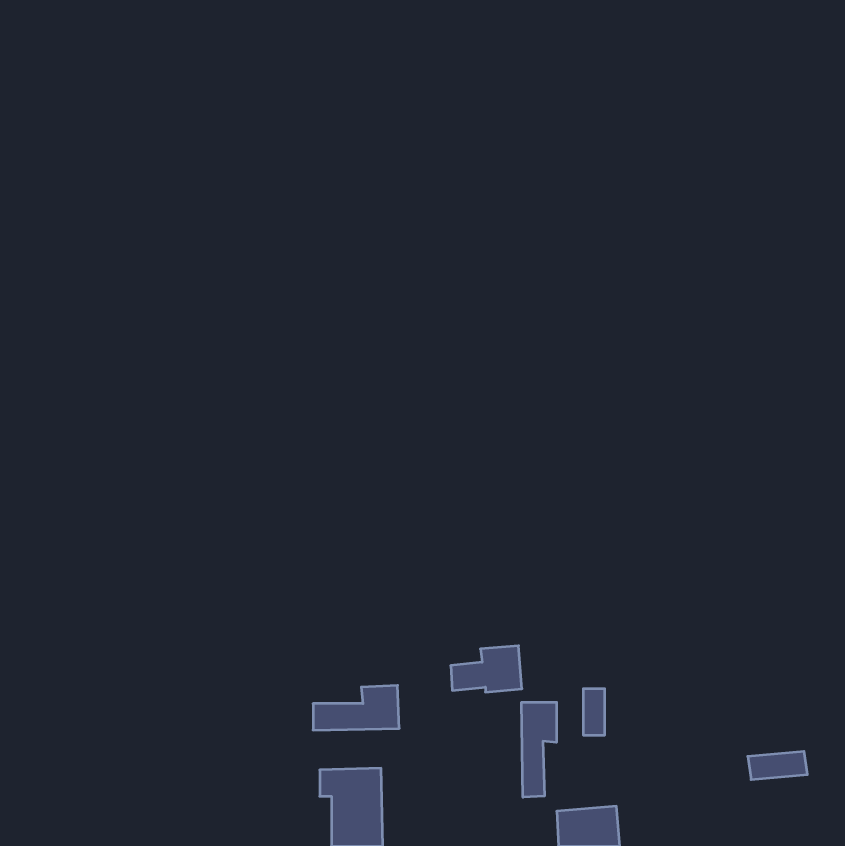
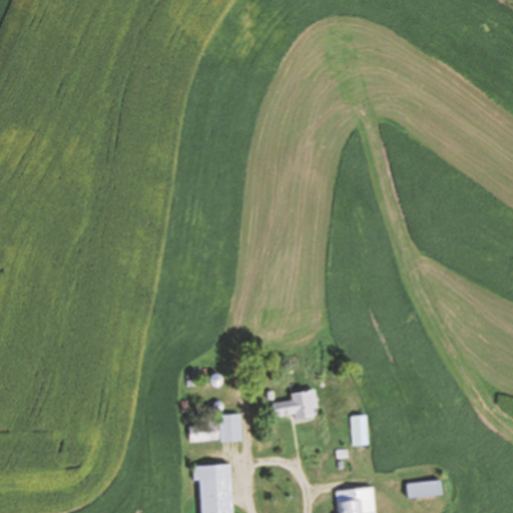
building: [522,702,557,797] -> none
building: [748,751,807,780] -> [406,481,442,498]

